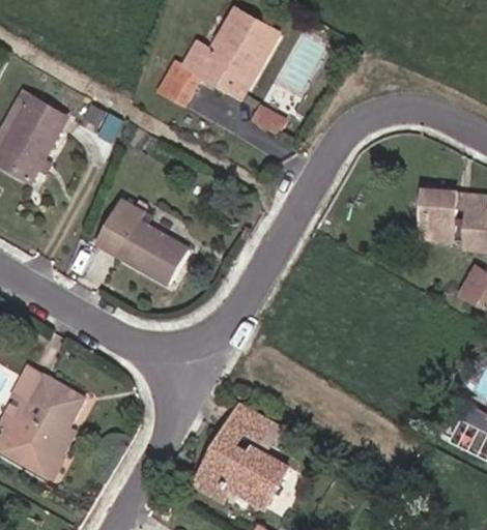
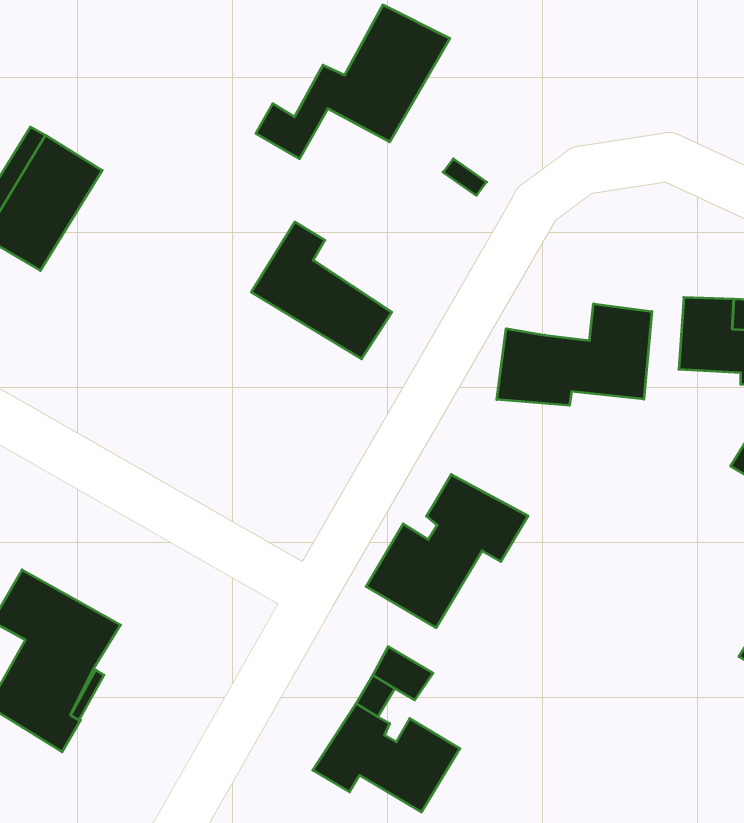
building: [99,190,187,275] -> [251,222,392,359]
building: none -> [497,304,652,405]
building: none -> [366,474,528,628]

